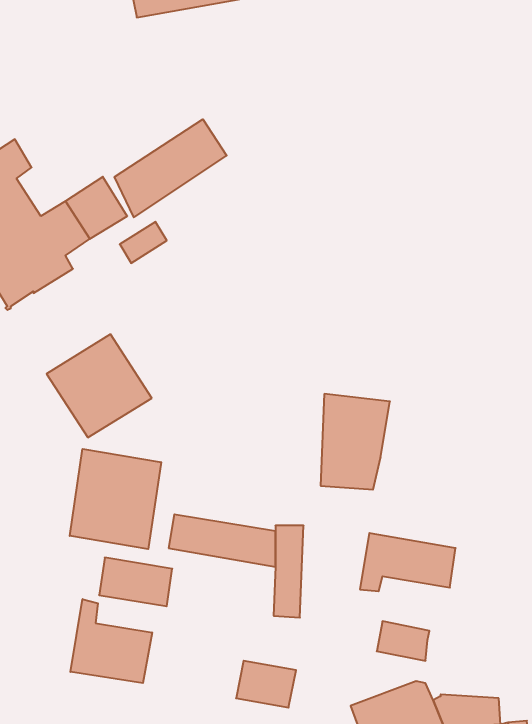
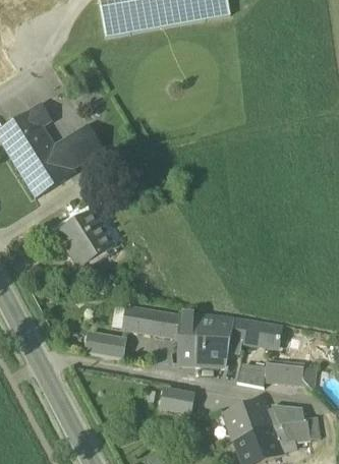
building: [115,119,227,217] -> none
building: [321,394,390,490] -> [193,312,231,364]
building: [70,449,161,549] -> none
building: [70,599,152,683] -> none
building: none -> [263,360,315,389]

